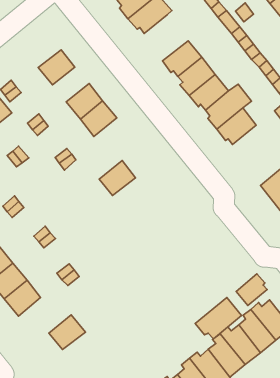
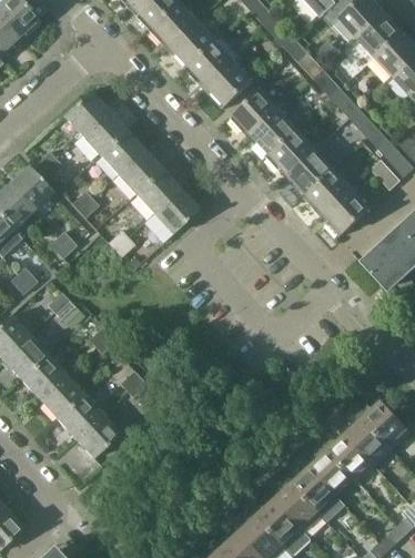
building: none -> [206,60,252,106]
building: none -> [62,91,107,134]
building: none -> [99,131,143,174]
building: none -> [323,187,370,235]
building: [99,161,135,195] -> [153,190,198,233]
building: [236,274,267,306] -> none
building: [195,297,241,339] -> none
building: [49,315,85,350] -> [75,415,120,458]

